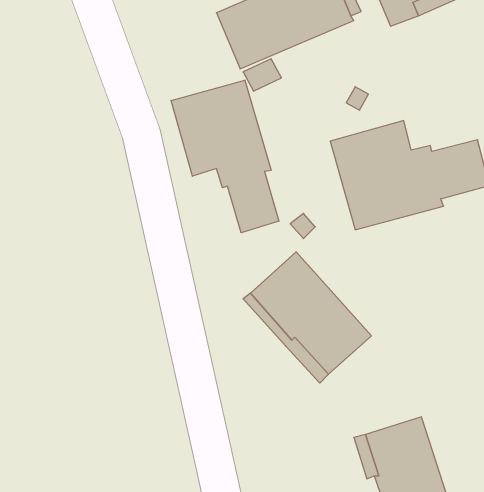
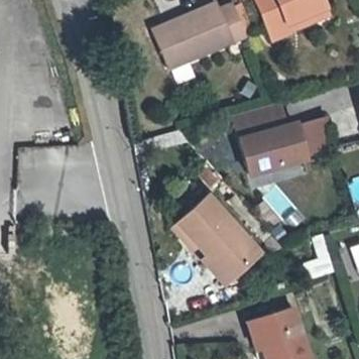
building: [171,80,279,233] -> none

